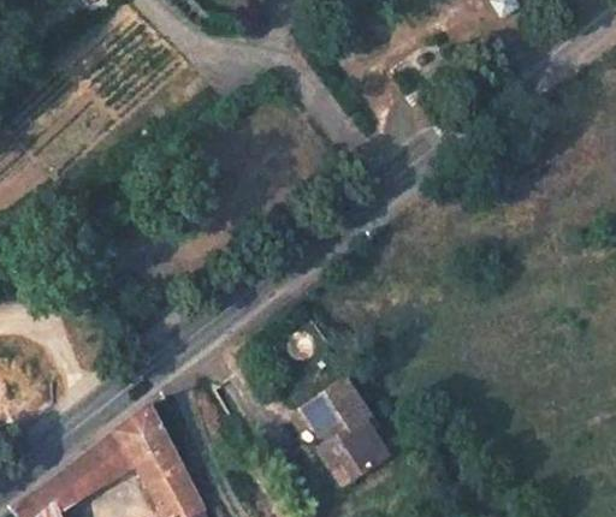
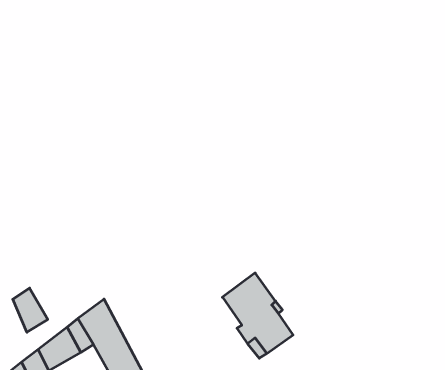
building: none -> [13,288,48,332]

